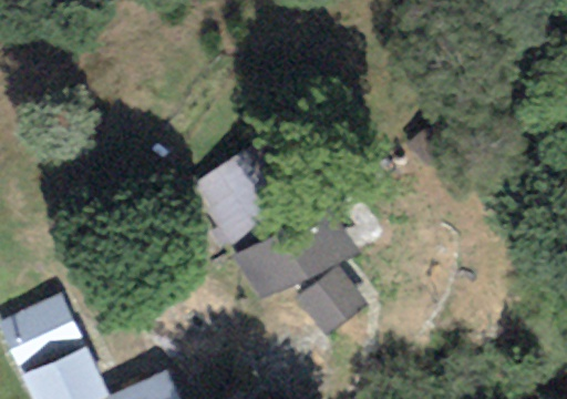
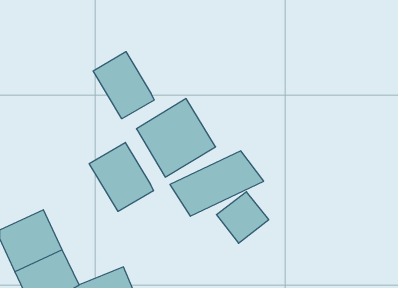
building: none -> [93,52,154,119]
building: none -> [89,142,153,211]

